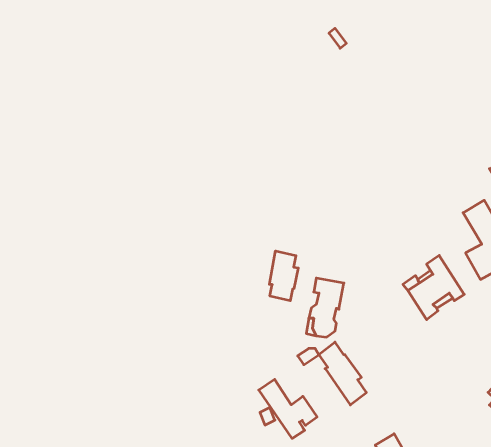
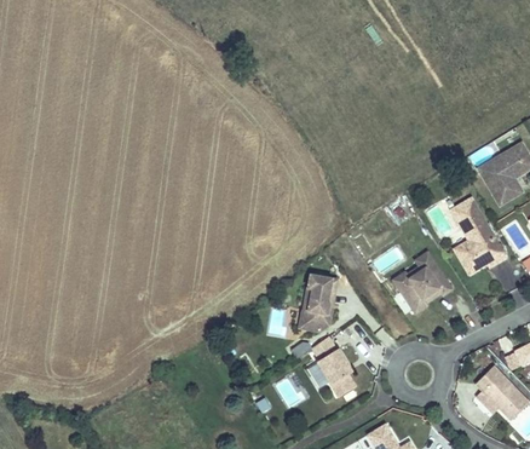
building: [269,251,298,301] -> none
building: [259,379,317,438] -> none

